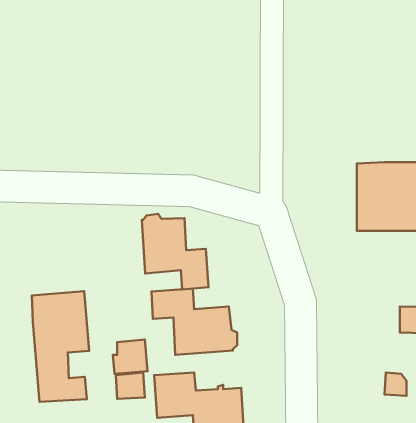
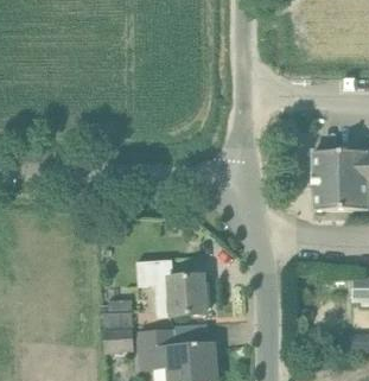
building: [142,214,208,289] -> none
building: [32,291,89,402] -> none

